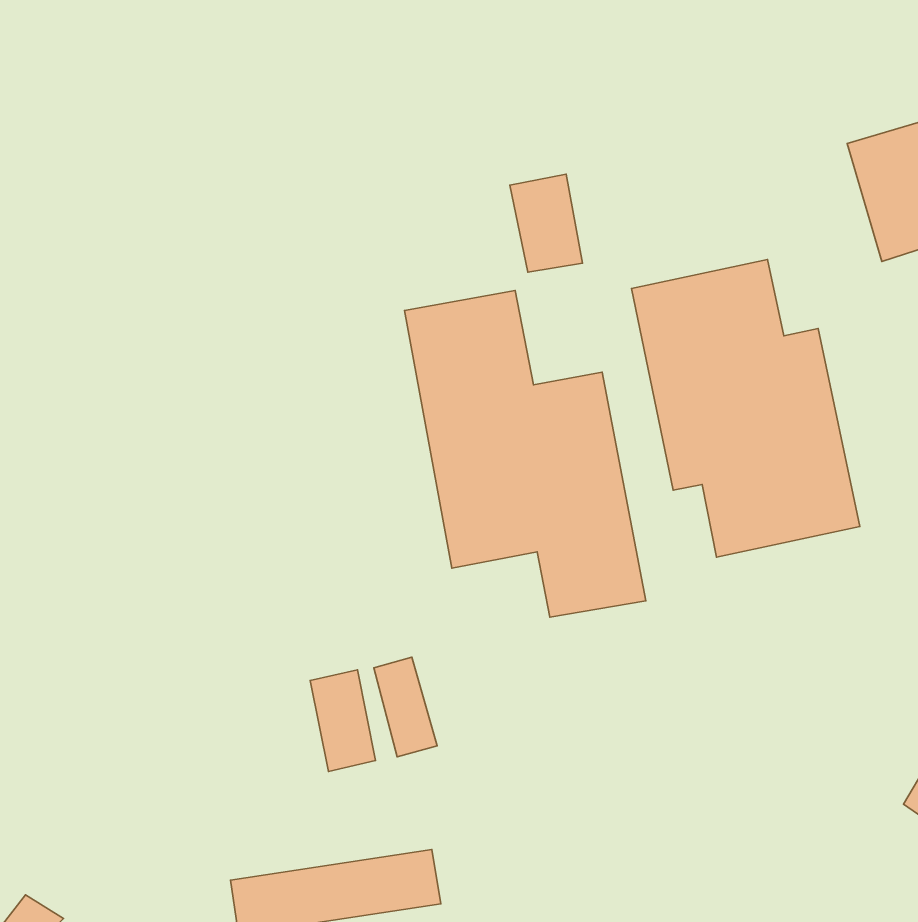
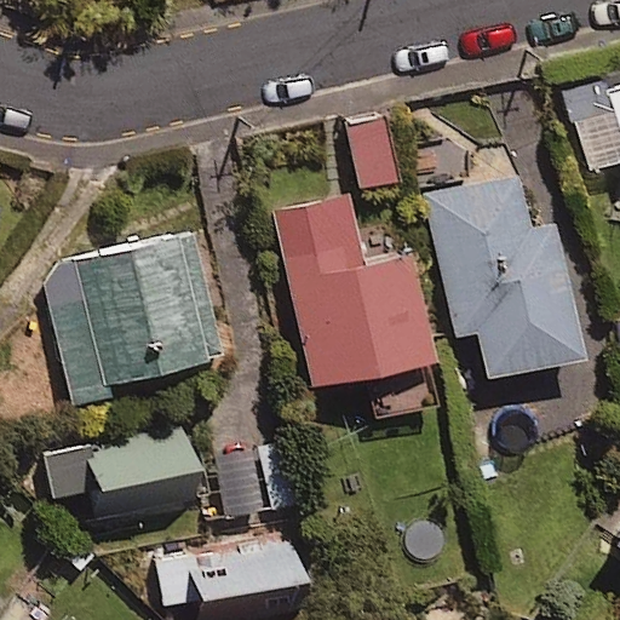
building: none -> [42,231,220,389]
building: none -> [46,424,200,532]

